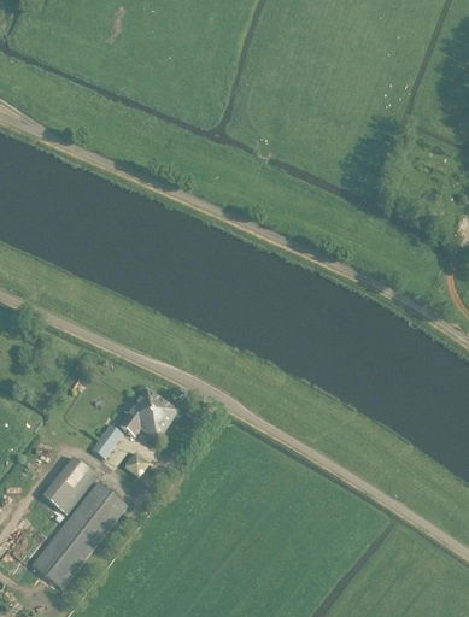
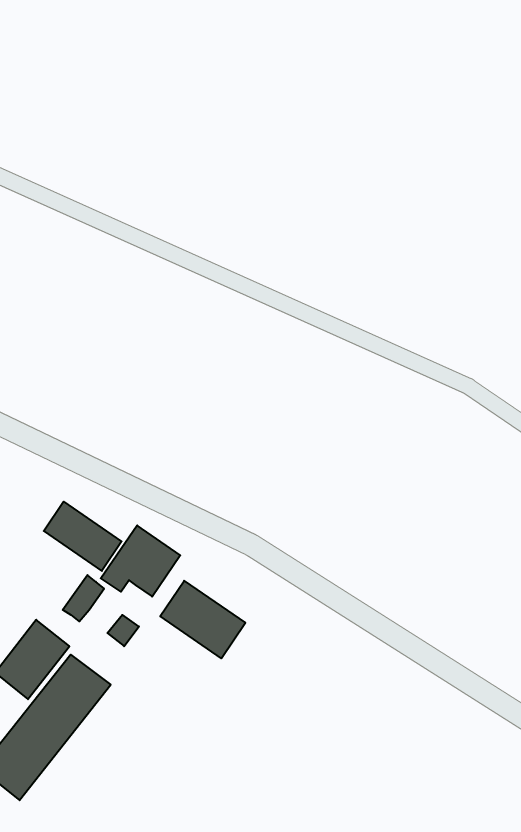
building: none -> [44,502,122,571]
building: none -> [160,581,245,658]

